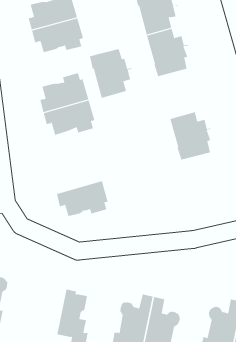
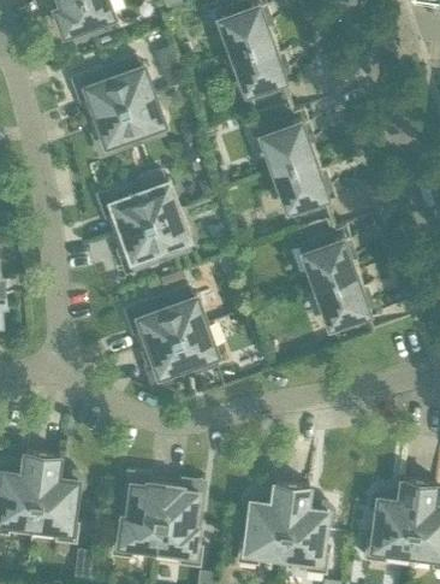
building: [89,48,133,98] -> [272,157,335,230]
building: none -> [314,273,377,348]
building: none -> [133,289,204,349]
building: none -> [108,483,163,558]

